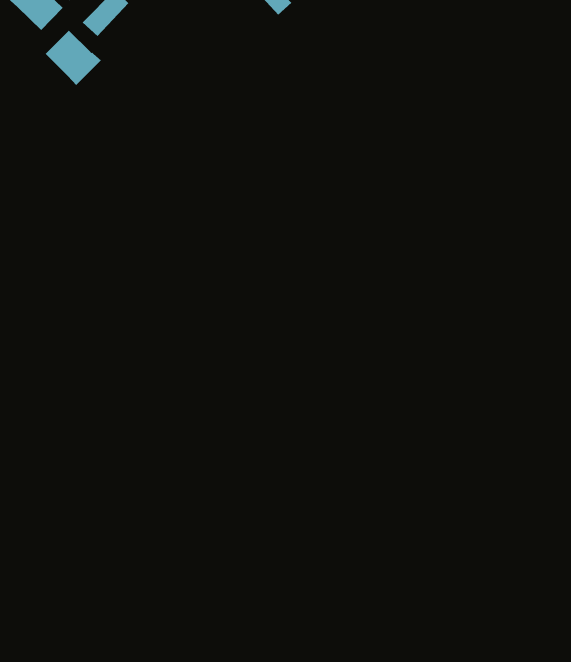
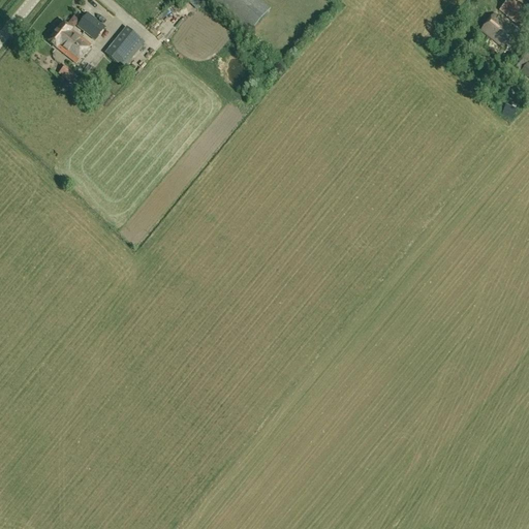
building: [45,30,102,86] -> none

